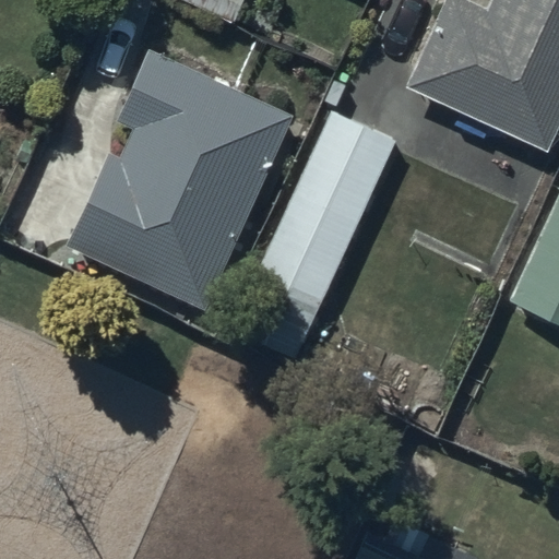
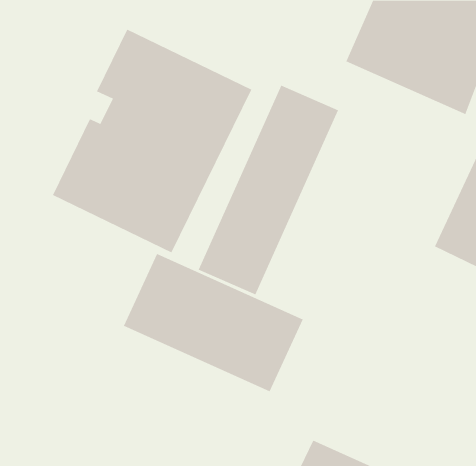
building: none -> [123,253,303,392]

